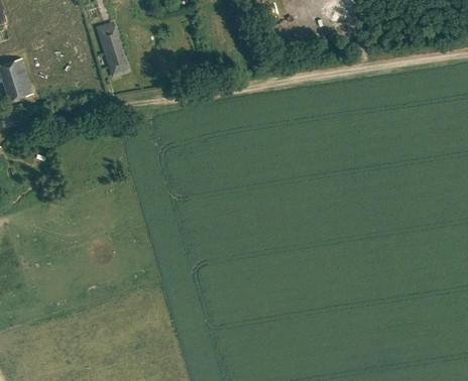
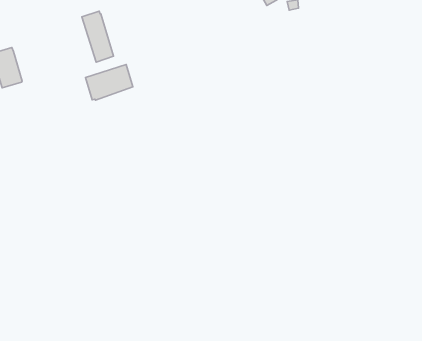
building: none -> [85,64,133,100]

